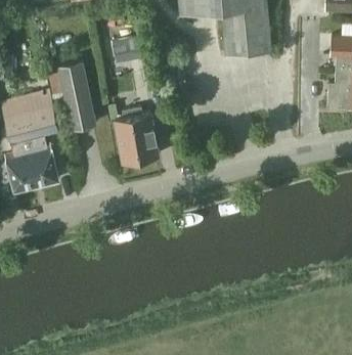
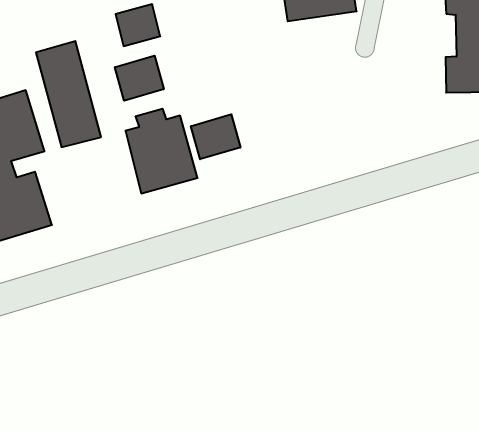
building: none -> [115,56,164,101]
building: none -> [191,114,240,159]

